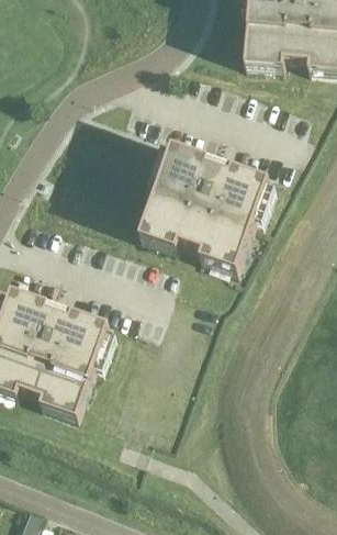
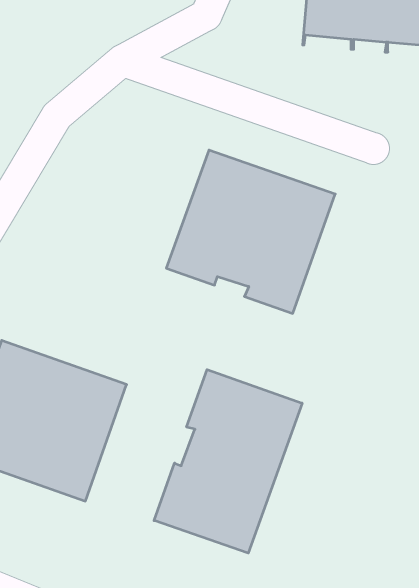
building: none -> [154,370,302,553]

